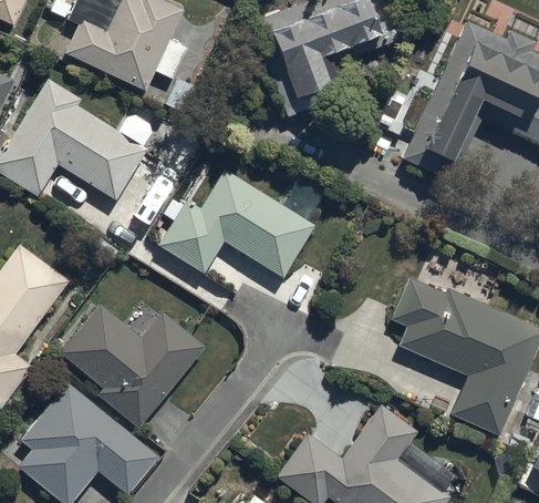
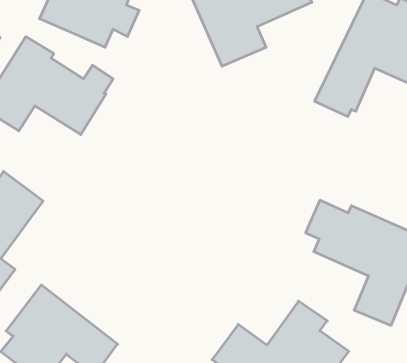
building: [158,167,323,278] -> none
building: [59,302,206,429] -> none

